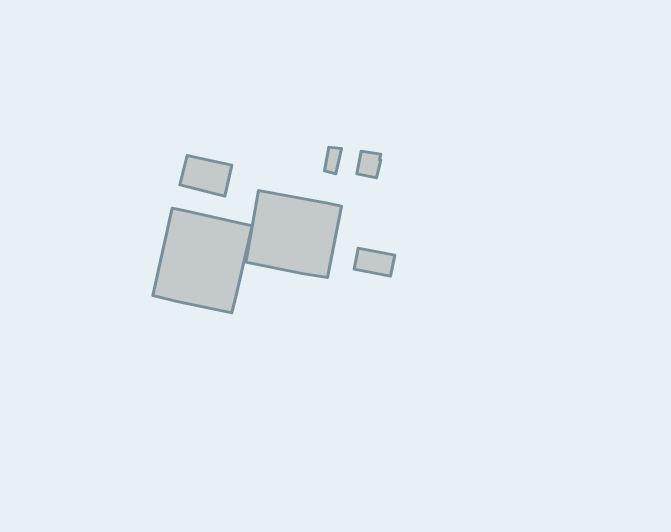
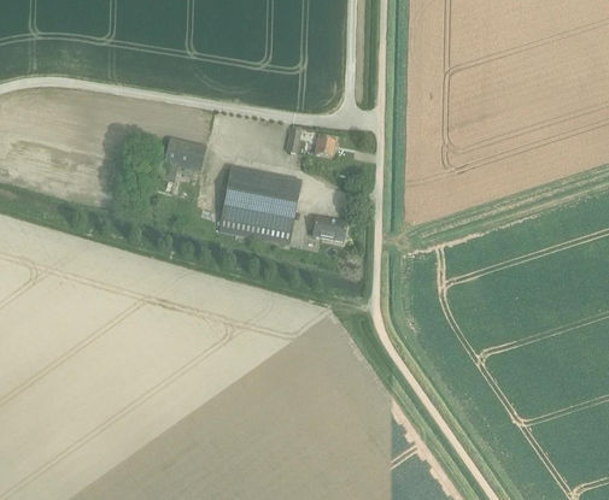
building: [153,208,252,313] -> none

